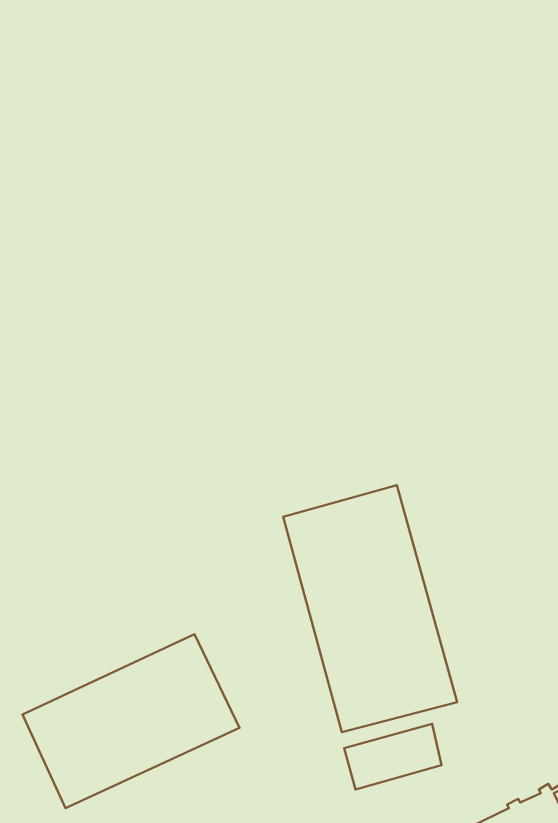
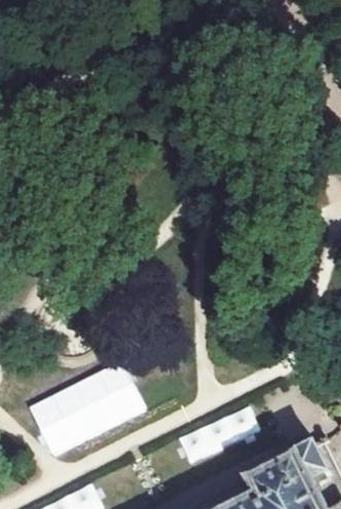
building: [283,485,457,732] -> none

